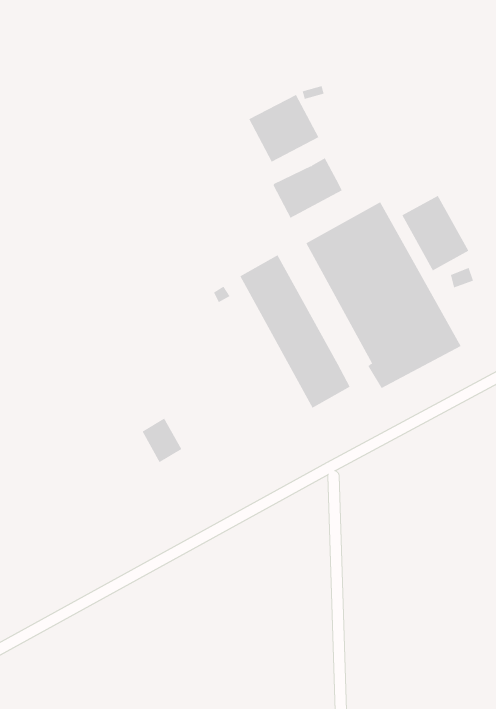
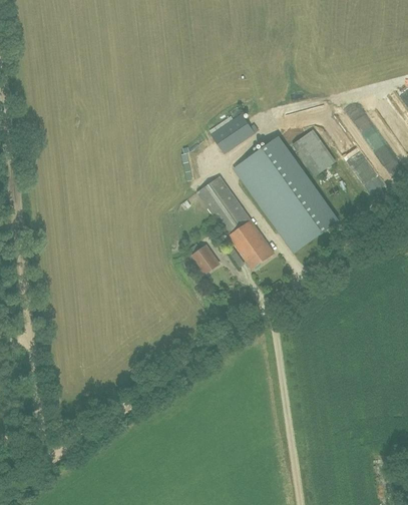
building: [248,94,319,163] -> none
building: [142,418,182,463] -> [191,245,218,274]

